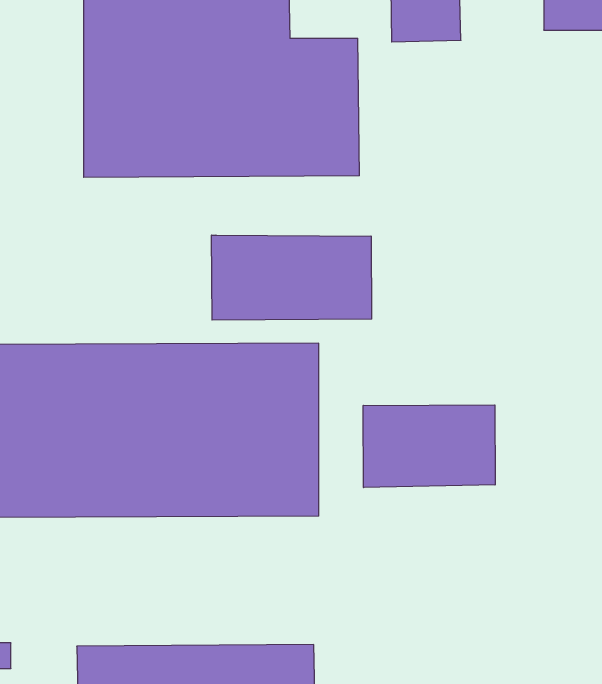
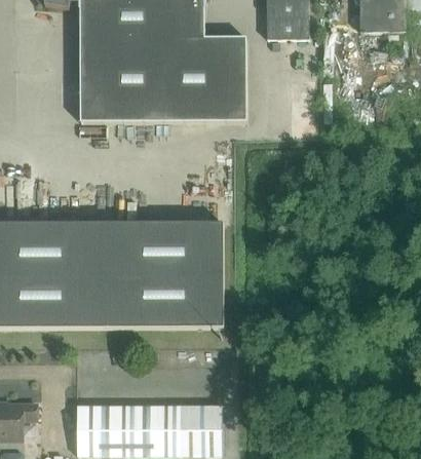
building: [212,235,372,320] -> none
building: [363,405,495,488] -> none

